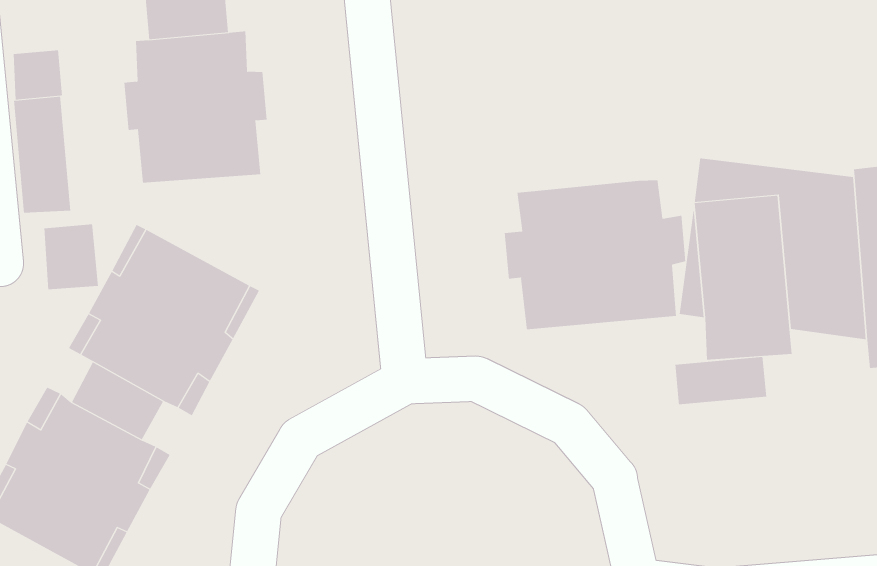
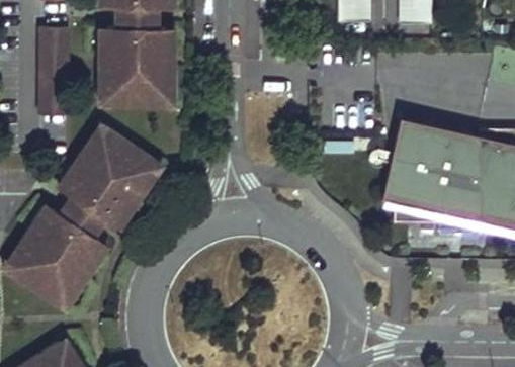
building: [504,179,686,330] -> none
building: [44,224,98,290] -> none
building: [675,356,767,405] -> none

